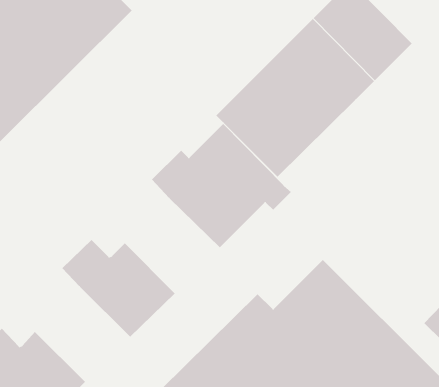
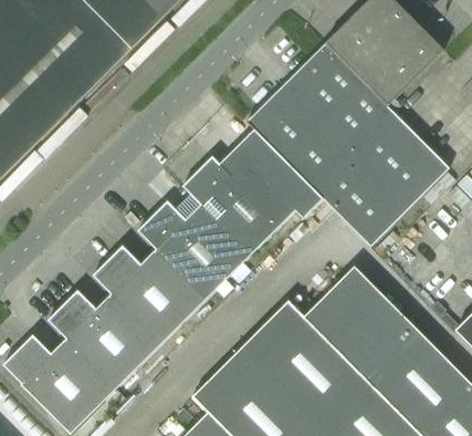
building: none -> [307,107,448,247]
building: none -> [136,201,250,301]
building: none -> [46,291,160,390]

